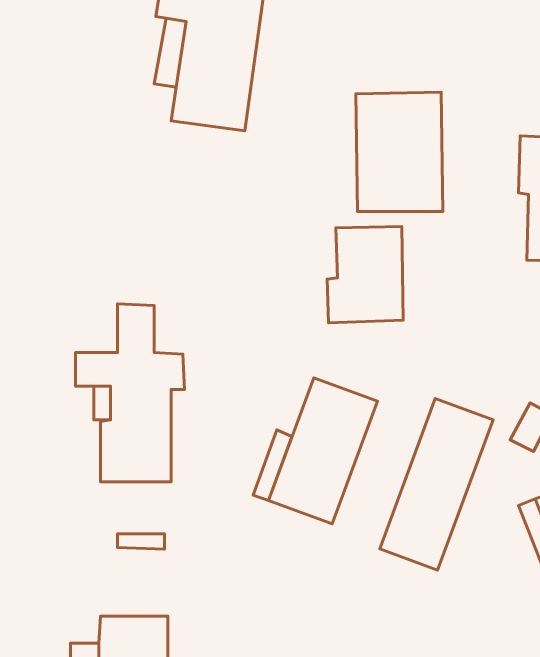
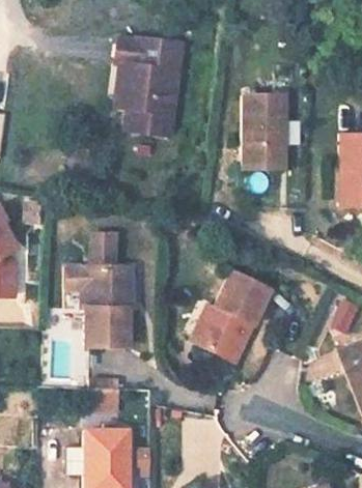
building: [327,226,403,323] -> none
building: [380,398,493,570] -> none

